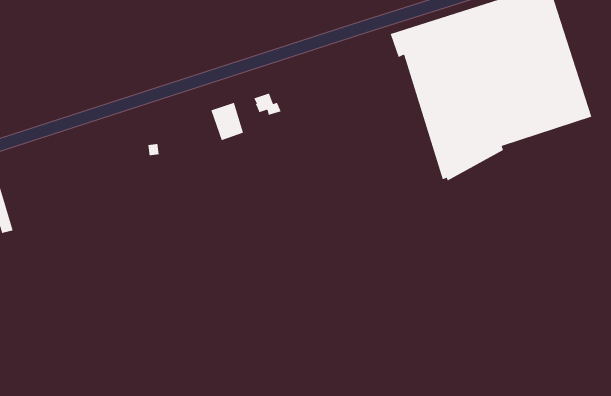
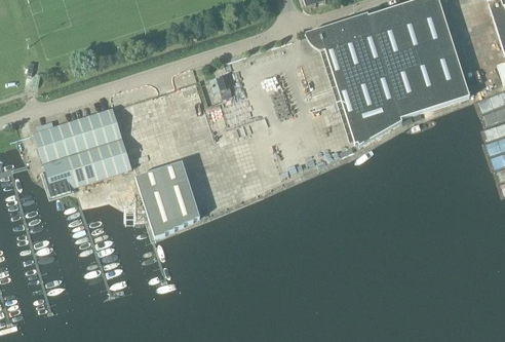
building: none -> [34,107,131,192]
building: none -> [134,160,199,235]

